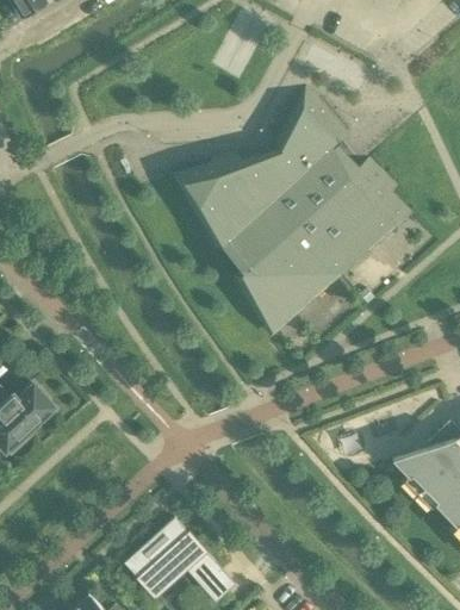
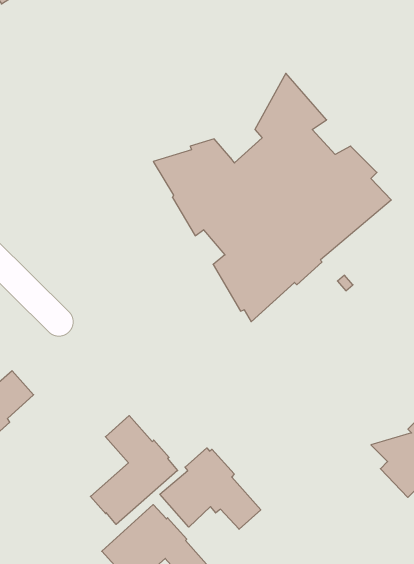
building: none -> [90,416,178,524]
building: none -> [160,448,261,529]

